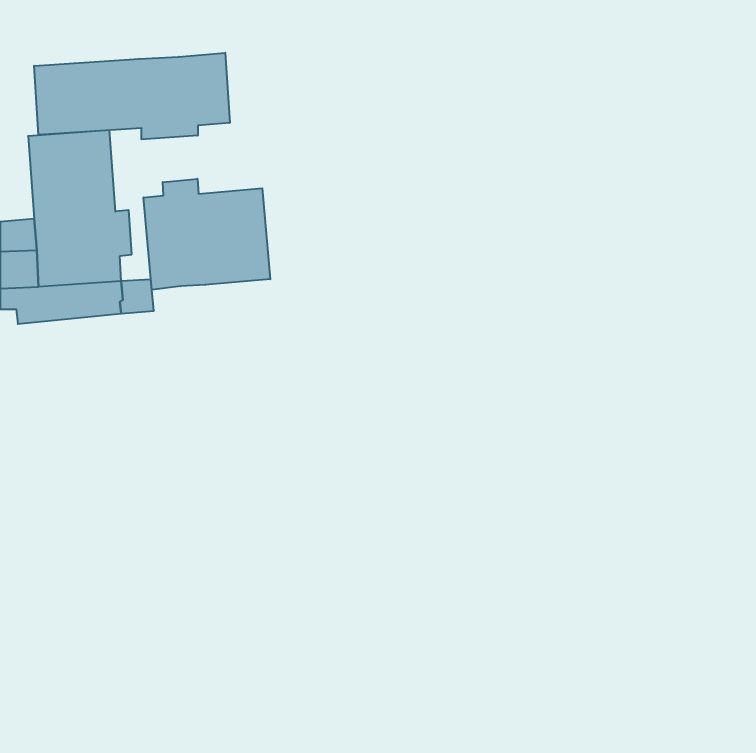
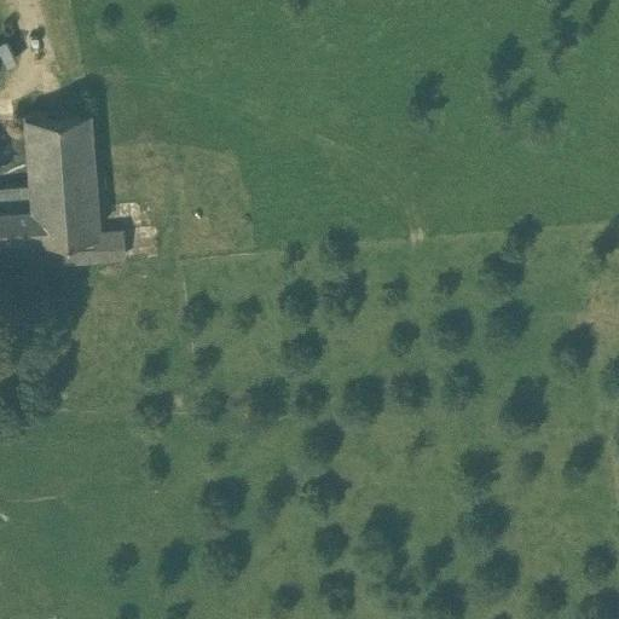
building: [34,53,230,139] -> none
building: [144,179,270,290] -> none

